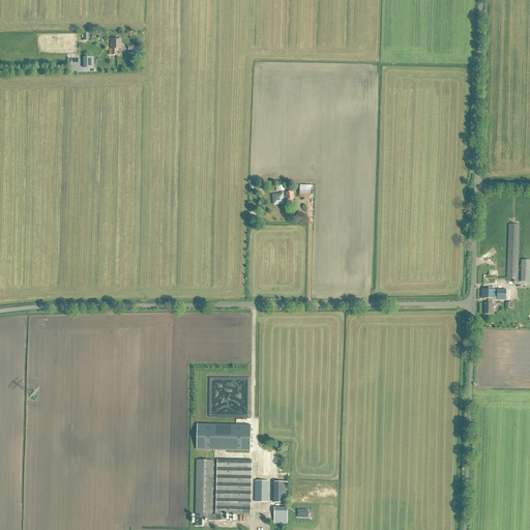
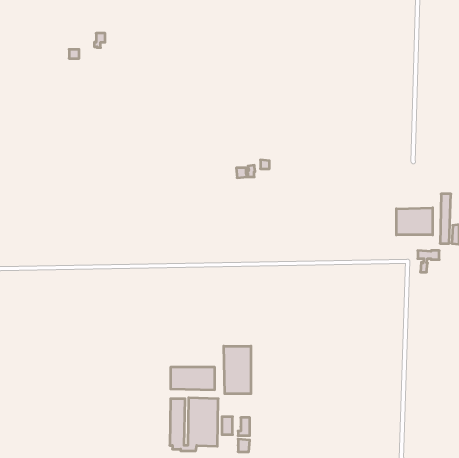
building: none -> [396,208,433,235]
building: none -> [224,346,251,394]

